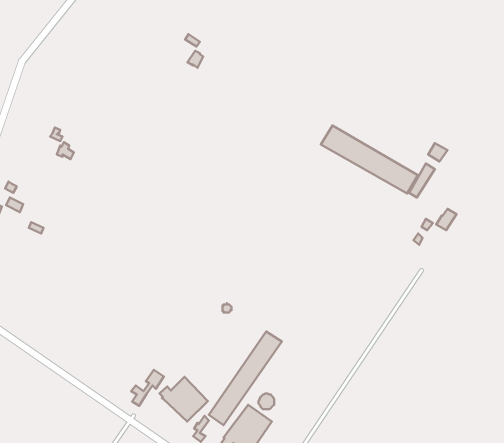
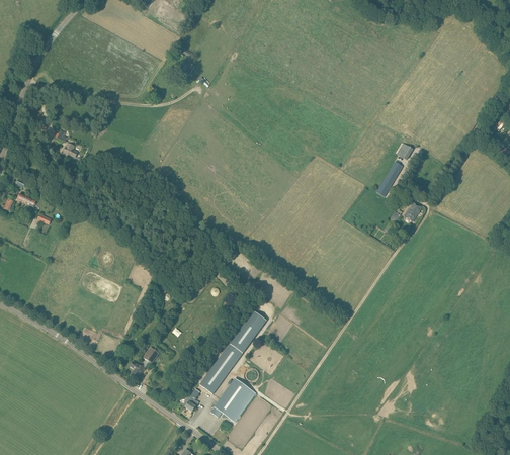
building: [321,126,418,193] -> none
building: [159,377,208,422] -> none

